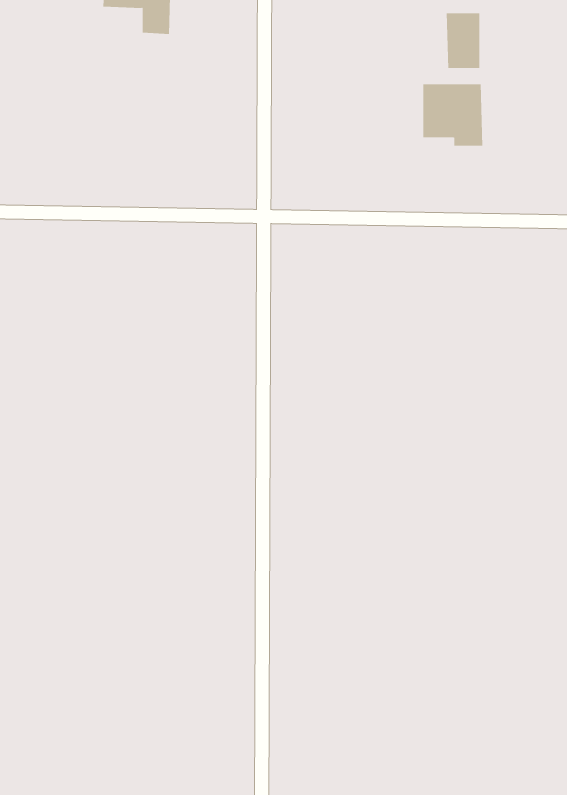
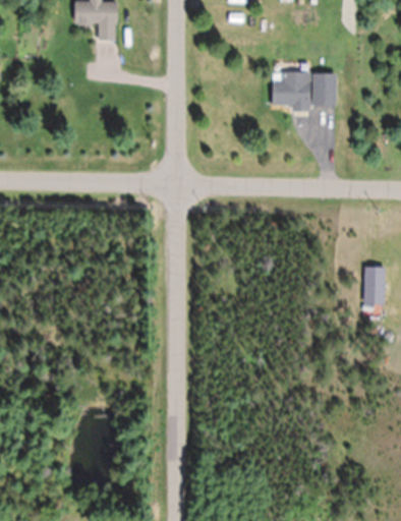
building: [446,13,480,69] -> [314,73,336,108]

